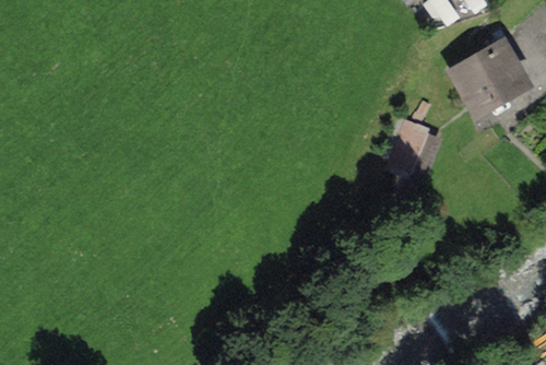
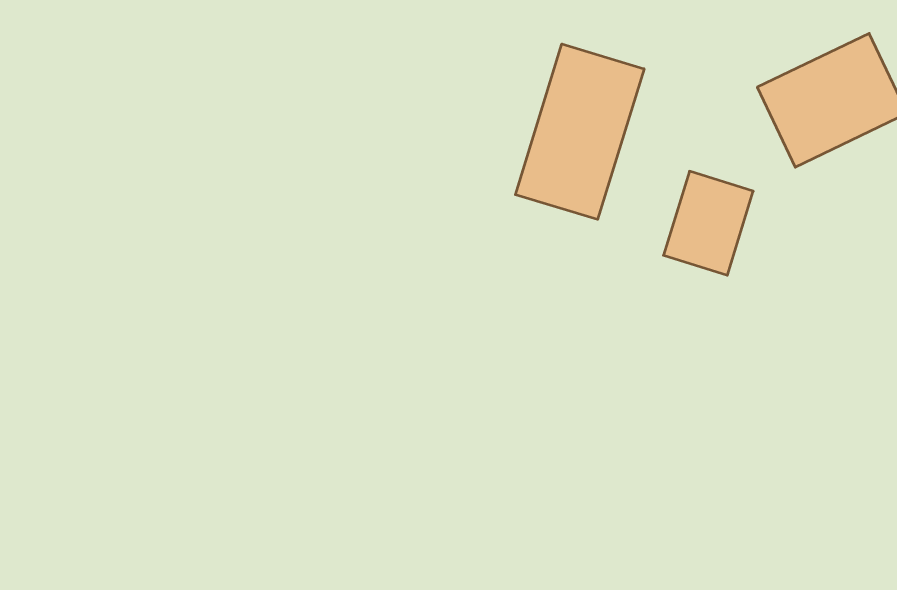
building: none -> [515,44,644,219]

